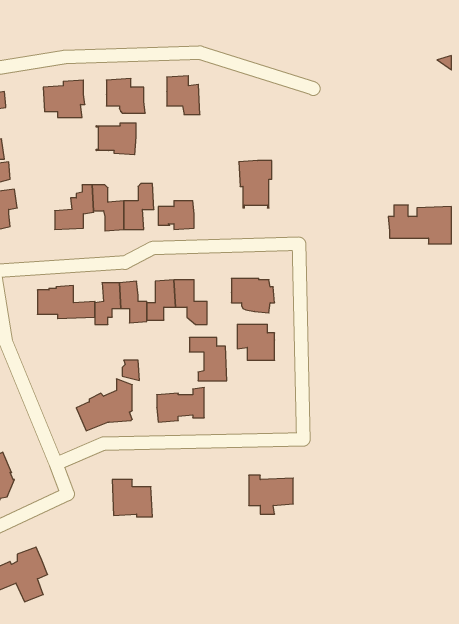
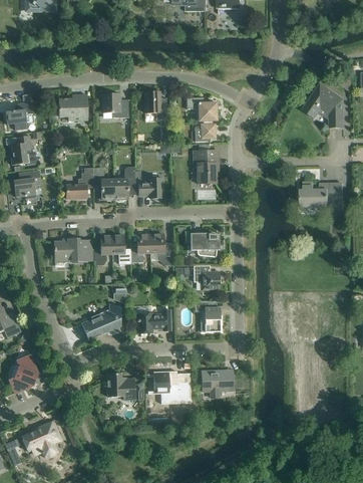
building: none -> [302,82,344,128]
building: none -> [187,97,217,142]
building: [96,123,136,155] -> none
building: [189,338,227,381] -> [195,301,221,331]
building: none -> [152,373,184,402]

